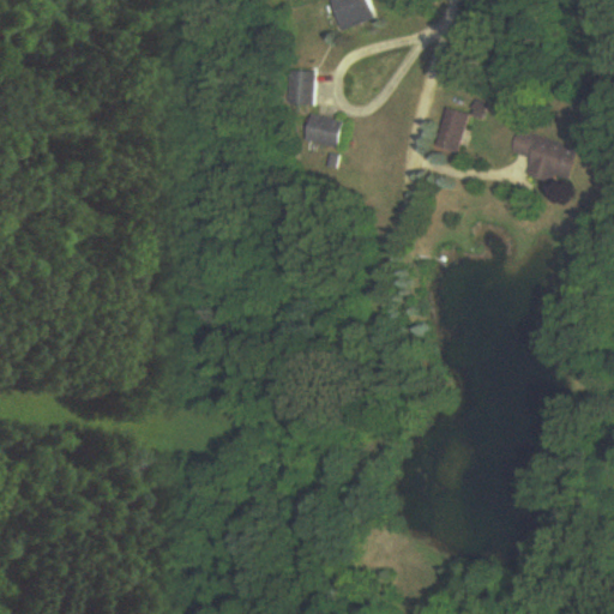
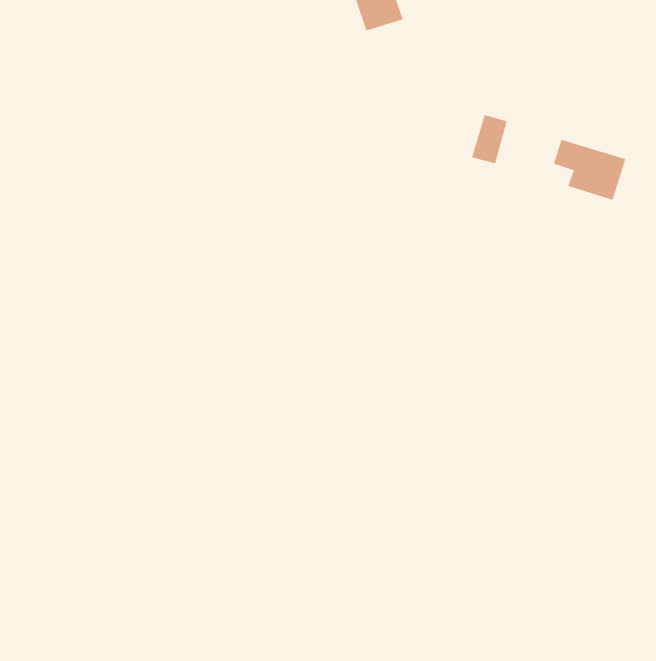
building: [285,70,312,103] -> none
building: [303,114,341,146] -> none

